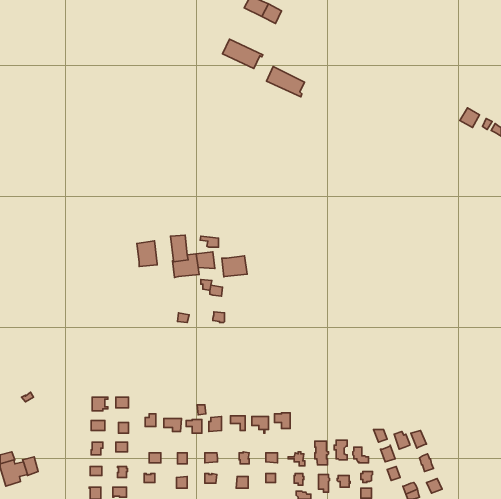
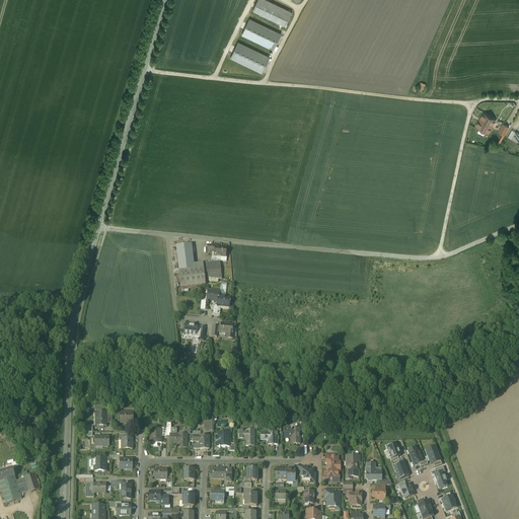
building: [266,66,305,97] -> [241,17,281,49]
building: [137,241,157,267] -> none
building: [222,256,247,277] -> none

